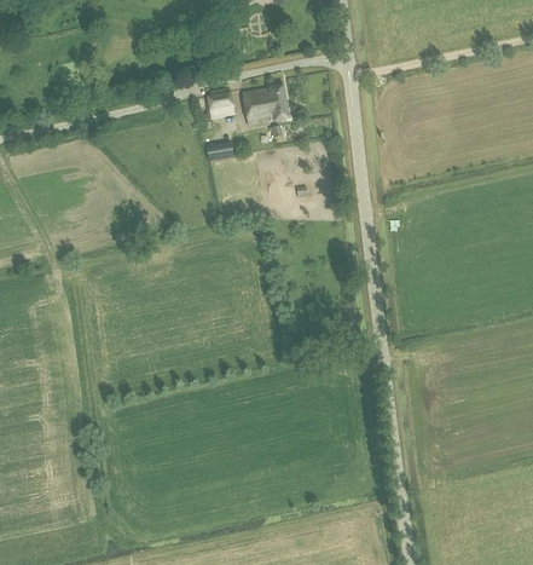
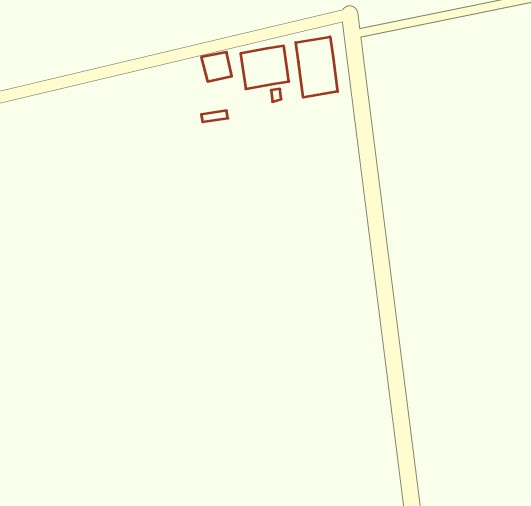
building: none -> [296,37,338,97]

